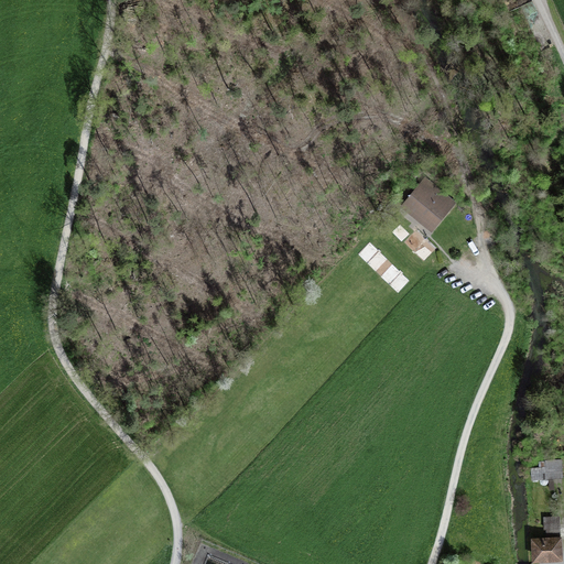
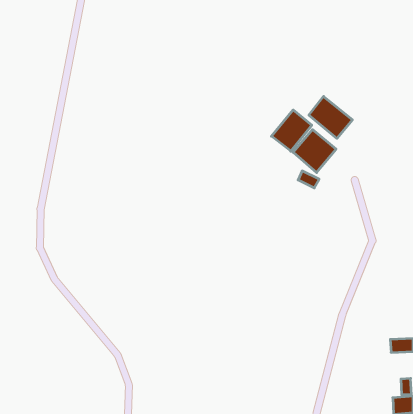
building: none -> [309,96,352,138]
building: none -> [271,110,312,151]

